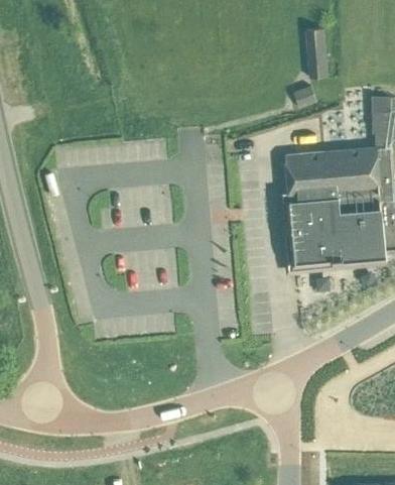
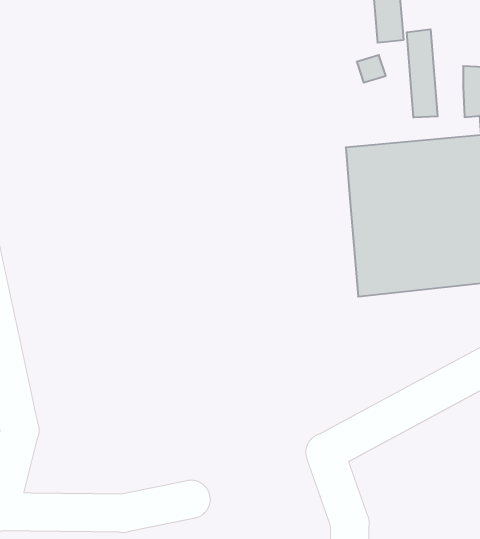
building: none -> [407,29,438,118]

